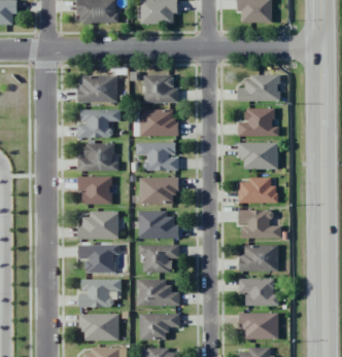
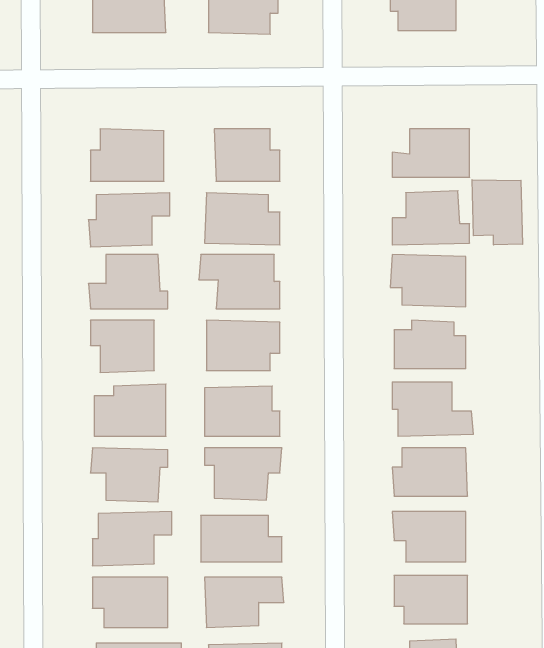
building: none -> [472,180,523,245]

